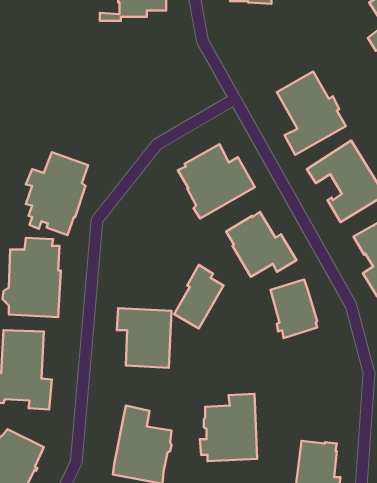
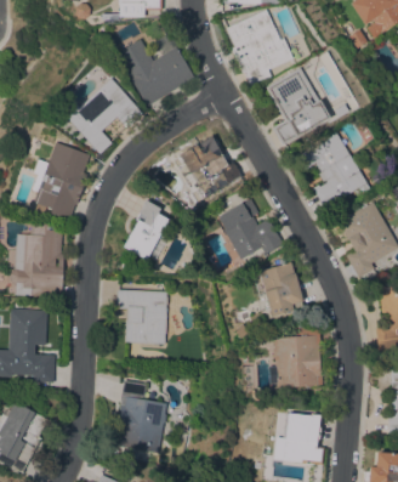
building: none -> [227,10,292,86]
building: none -> [116,33,195,107]
building: none -> [63,76,143,154]
building: [174,265,224,329] -> [124,200,170,260]
building: [200,394,257,461] -> [269,325,323,389]

